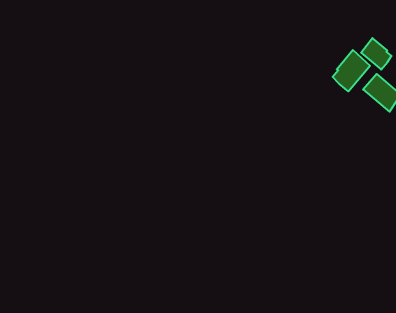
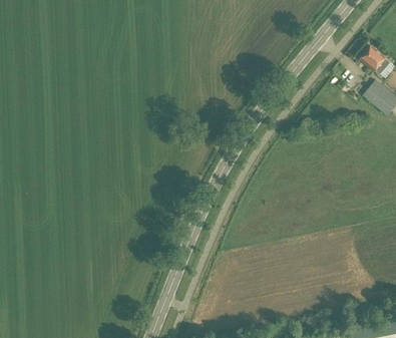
building: [333,50,370,91] -> none

